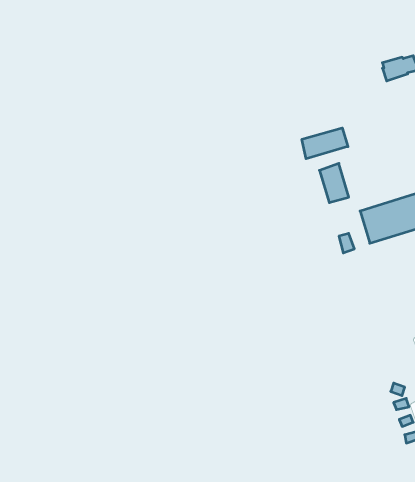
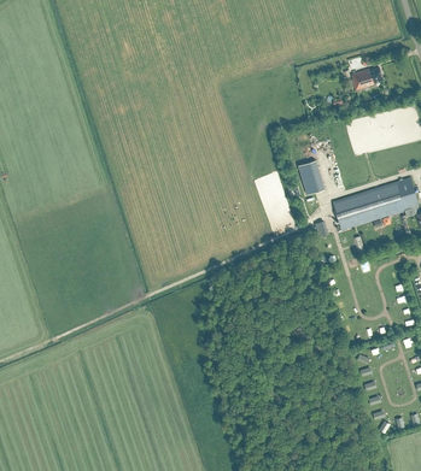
building: [302,128,348,159] -> none

